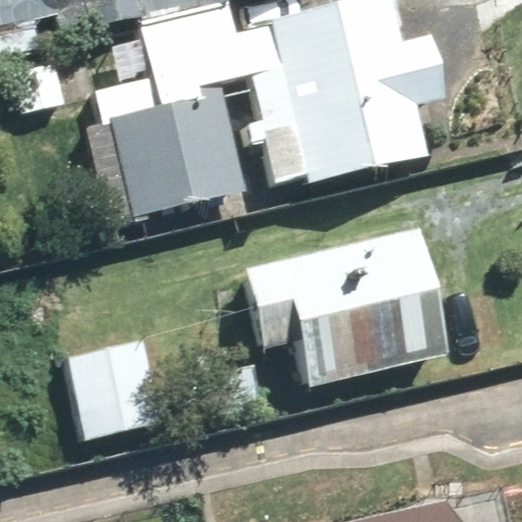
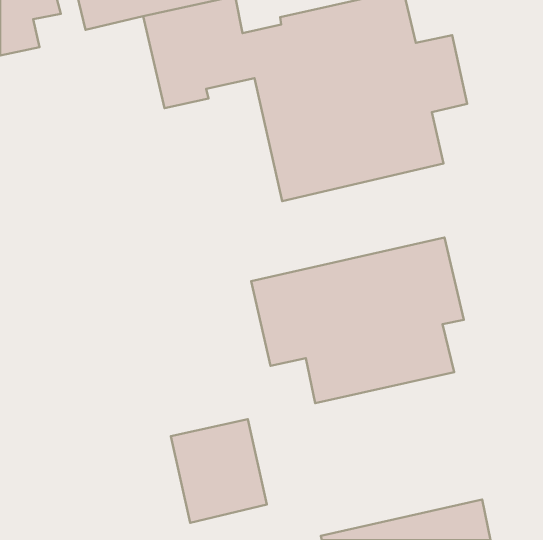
building: [109,88,251,216] -> none
building: [64,353,156,452] -> [171,419,267,523]

